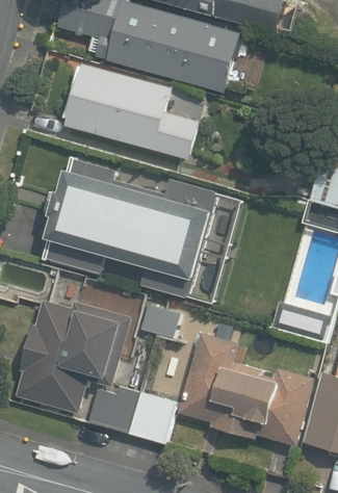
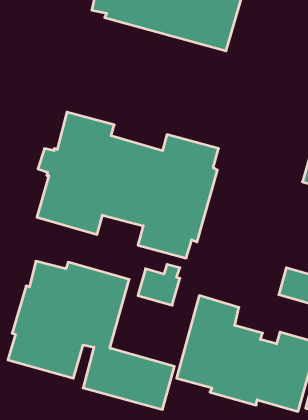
building: [66,67,202,162] -> none

